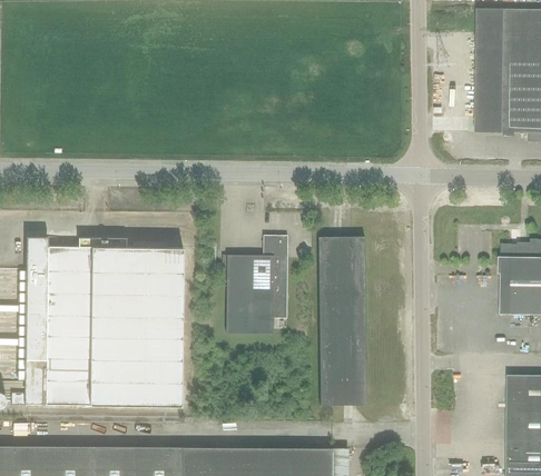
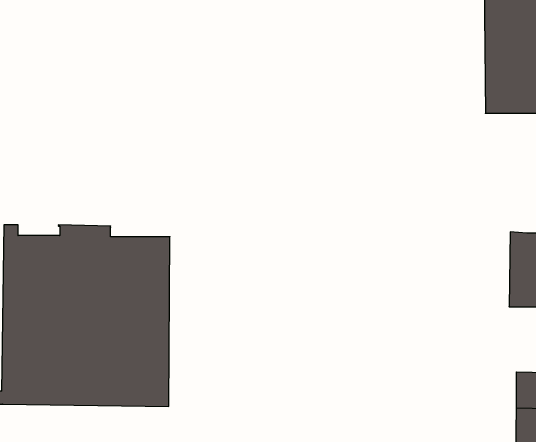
building: [226,236,287,334] -> none
building: [318,237,366,405] -> none

